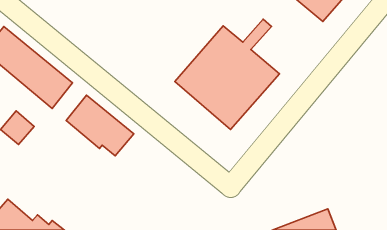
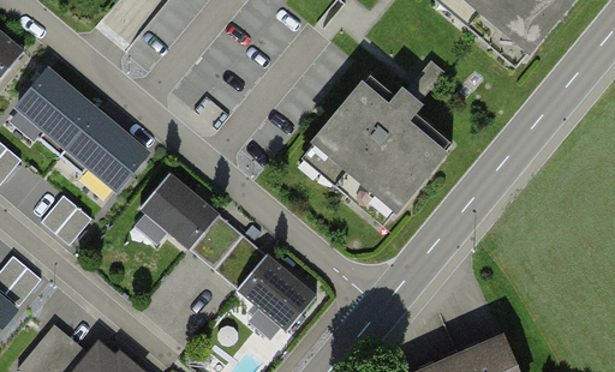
building: none -> [210,228,318,332]

